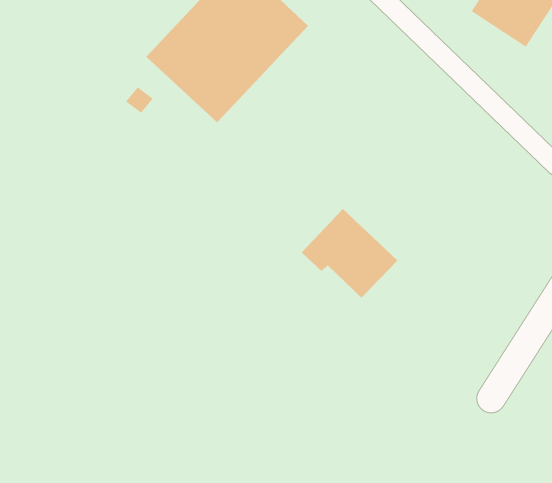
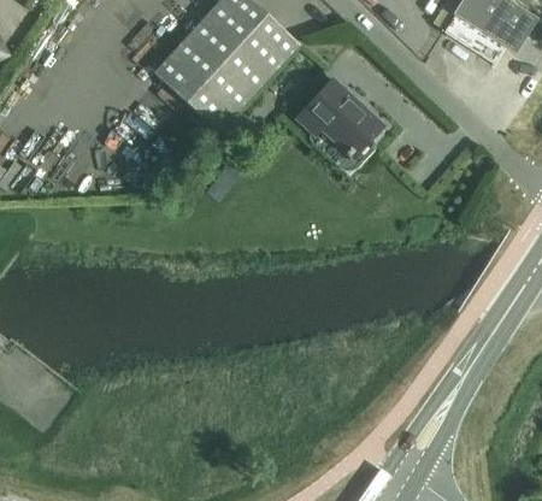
building: [301,208,398,298] -> [297,77,384,158]

